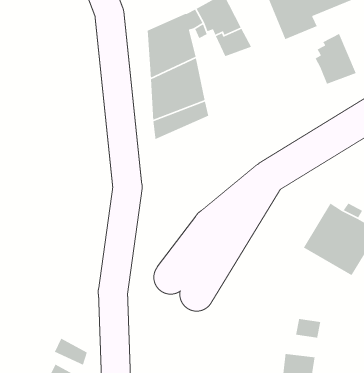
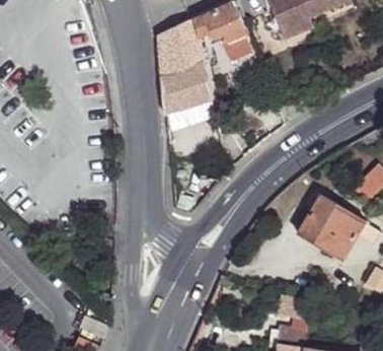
building: [314,33,357,85] -> none

